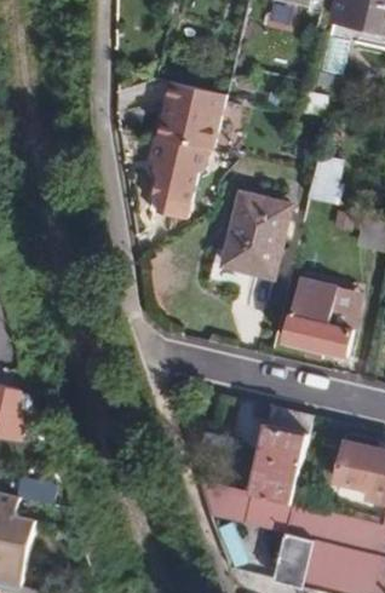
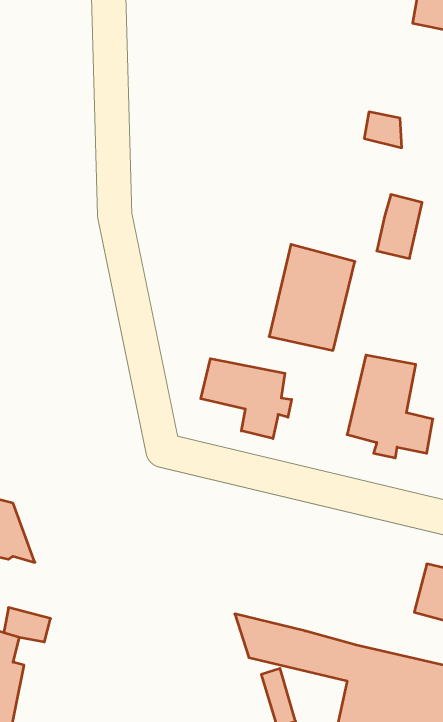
building: [146,82,223,201] -> none
building: none -> [201,359,292,439]
building: [251,407,311,505] -> none

